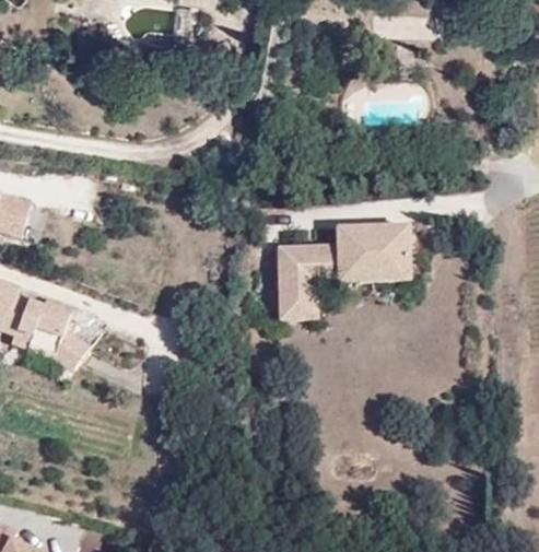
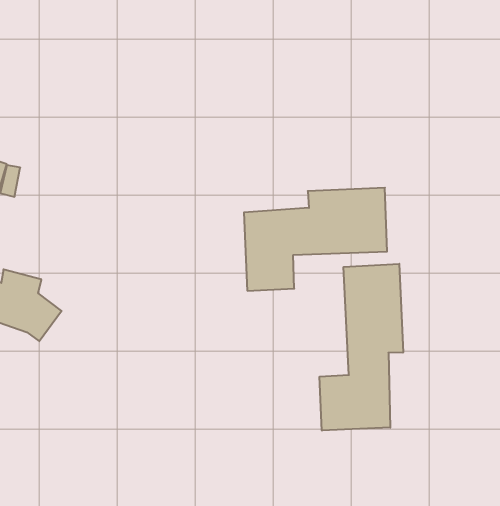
building: none -> [320,264,403,431]

